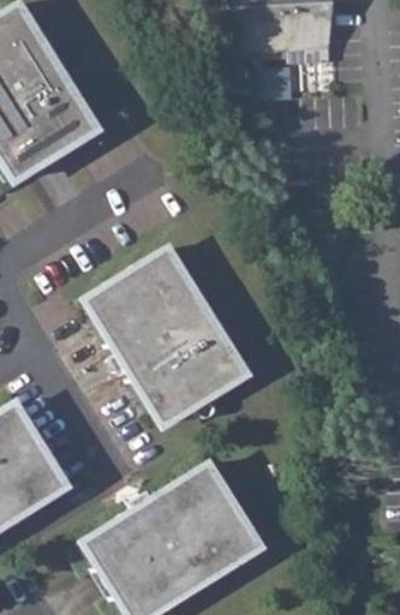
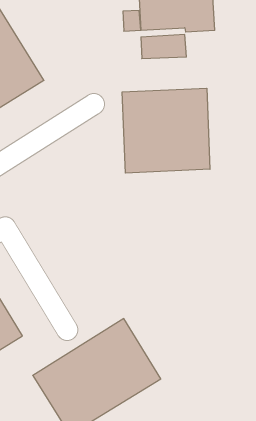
building: none -> [122,88,210,173]
building: [89,249,251,426] -> none

